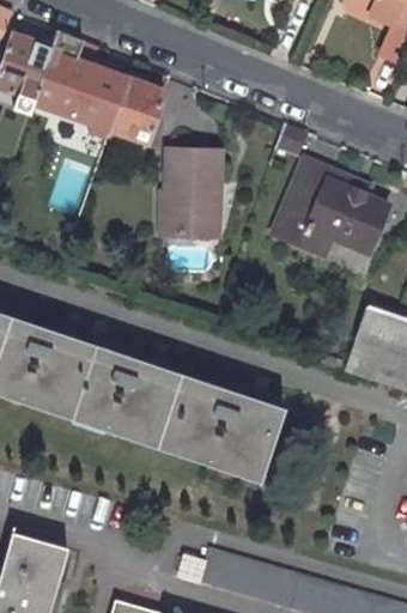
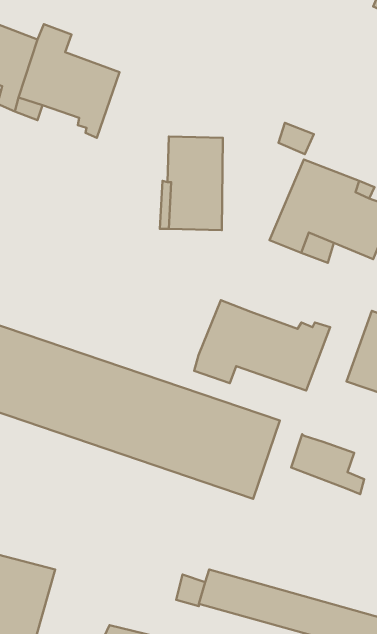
building: [107,77,164,142] -> none
building: none -> [194,300,330,390]
building: none -> [291,434,364,494]

